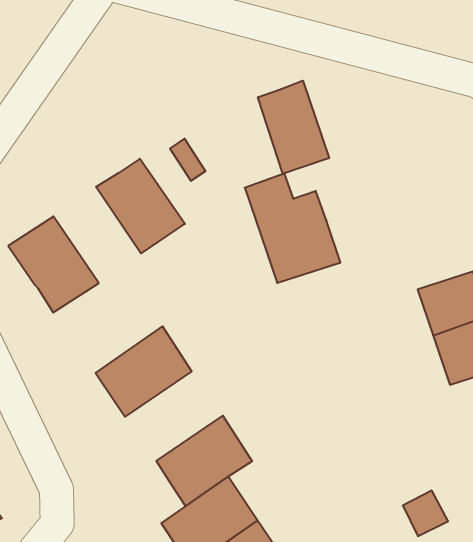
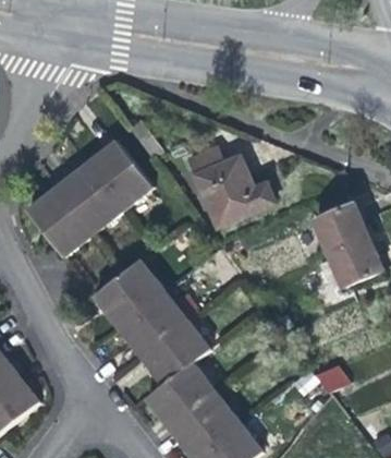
building: [258,81,329,174] -> none
building: none -> [58,165,121,232]
building: none -> [118,290,186,354]

